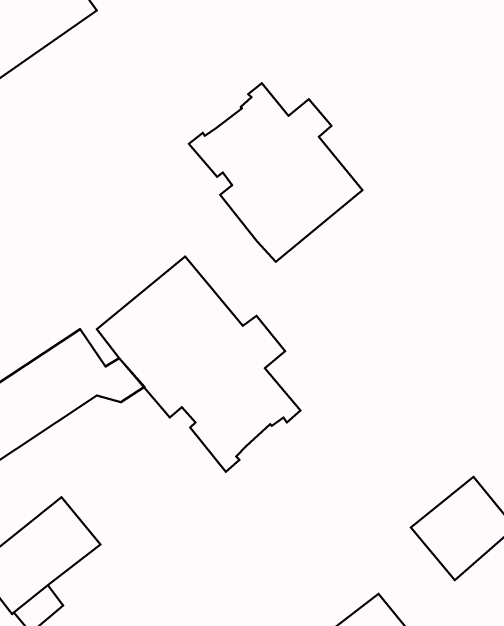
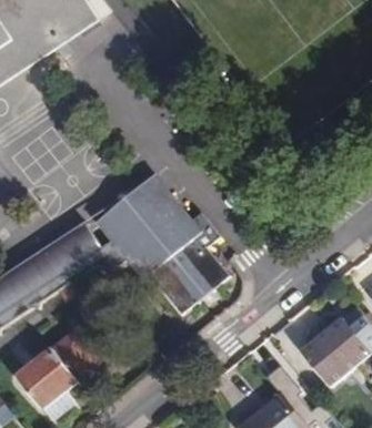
building: [189,83,363,262] -> none

